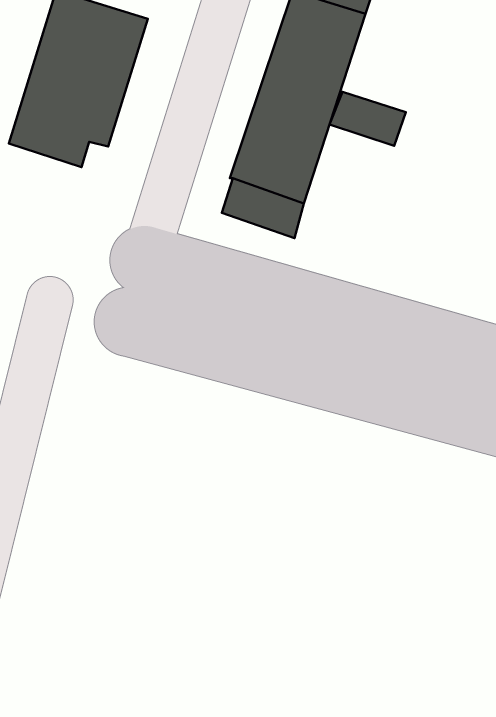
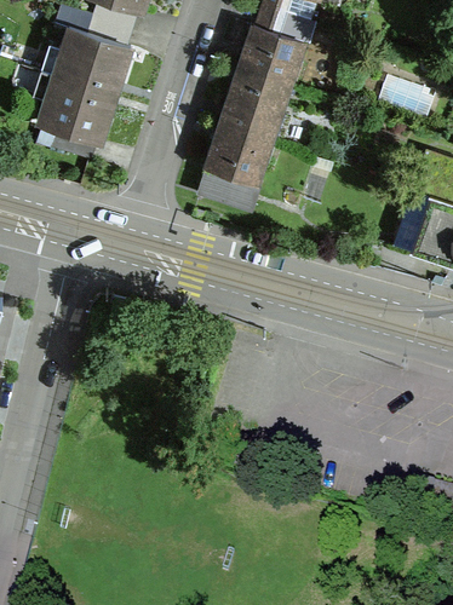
building: [330,92,406,146] -> none

